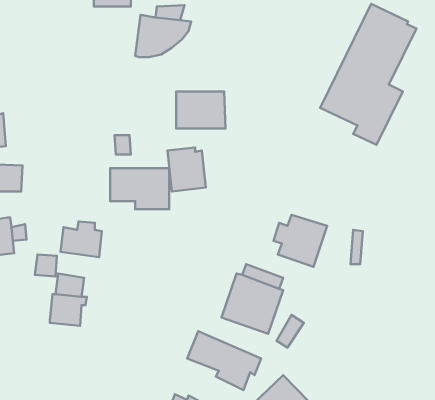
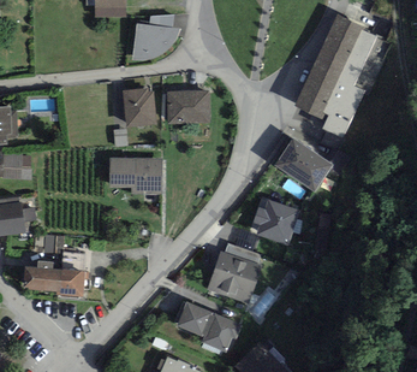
building: none -> [274,137,333,191]
building: [168,148,206,191] -> [123,88,156,126]
building: [61,222,102,257] -> [23,260,59,291]

